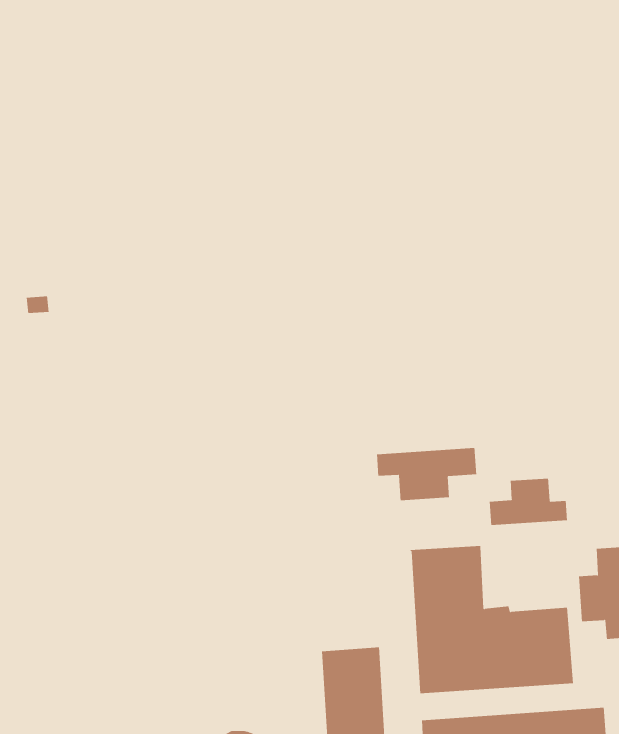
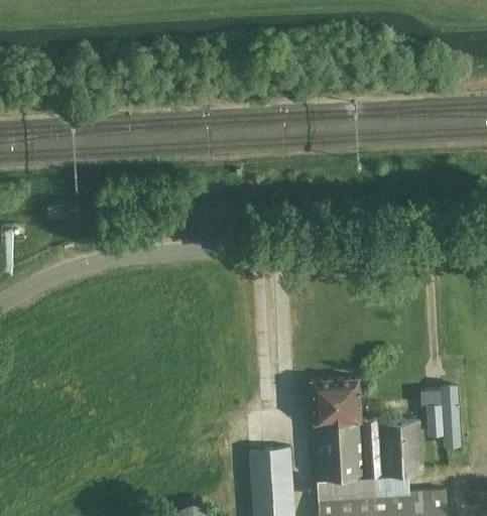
building: [376,447,477,501] -> none
building: [489,478,568,526] -> none

